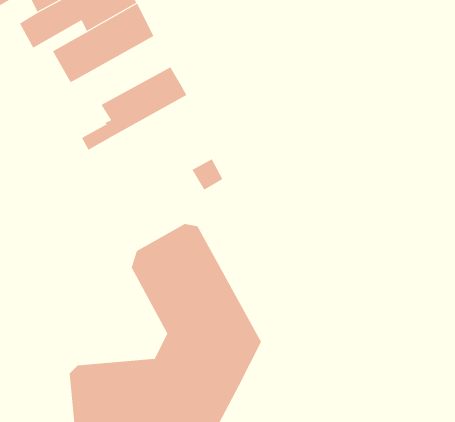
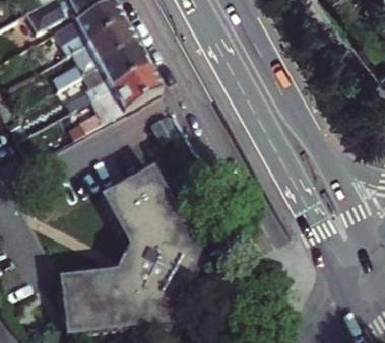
building: none -> [52,27,136,92]
building: none -> [83,71,162,133]

